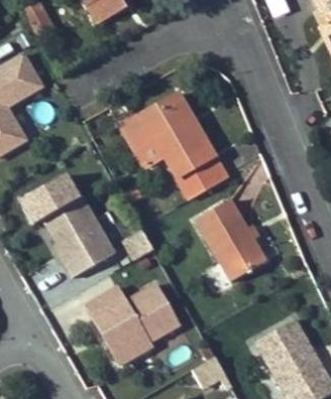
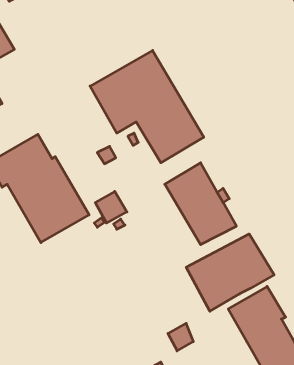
building: none -> [186,234,274,311]
building: [88,284,184,368] -> none

